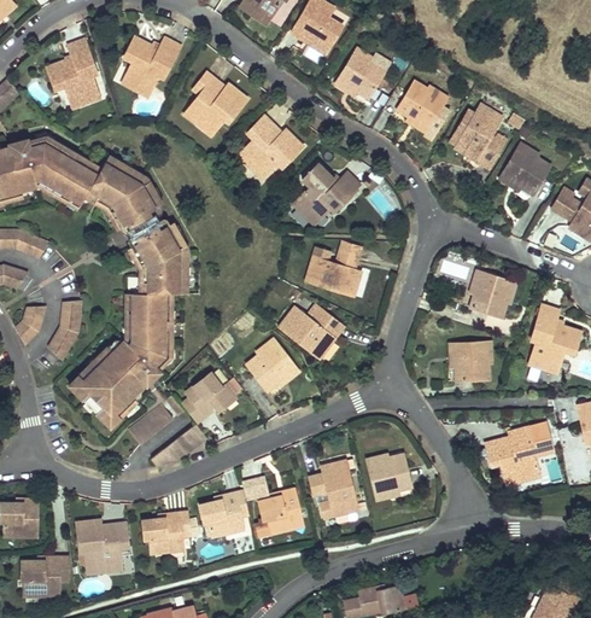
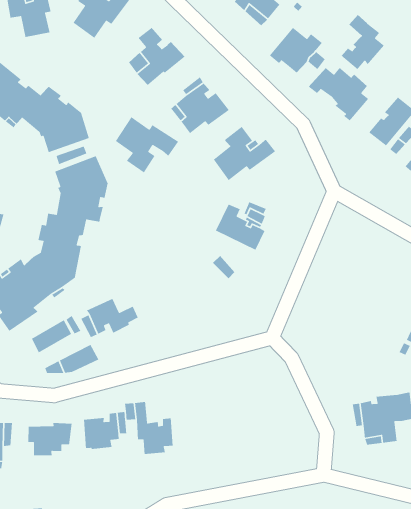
building: none -> [341,14,385,70]
building: none -> [115,116,179,174]
building: [473,272,519,317] -> none
building: [282,309,335,357] -> none
building: [246,340,300,391] -> none
building: [452,343,495,381] -> none
building: [369,451,412,497] -> none
building: [310,459,358,515] -> none

